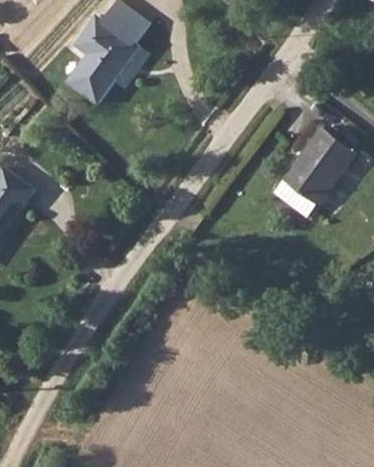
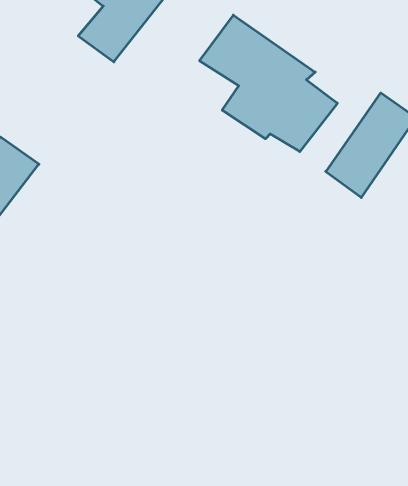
building: none -> [200,15,337,152]

